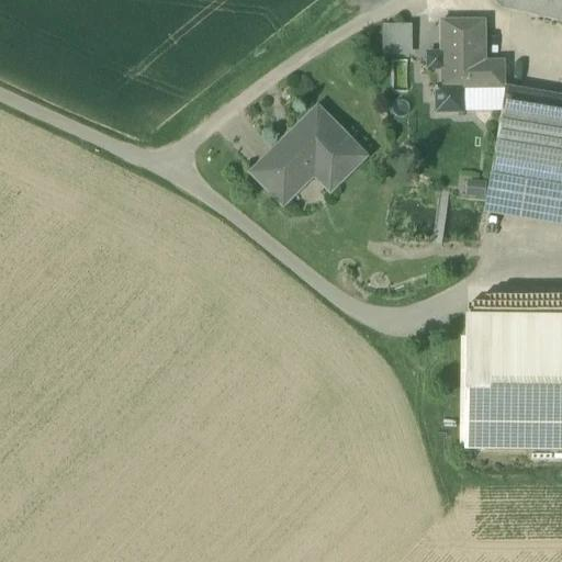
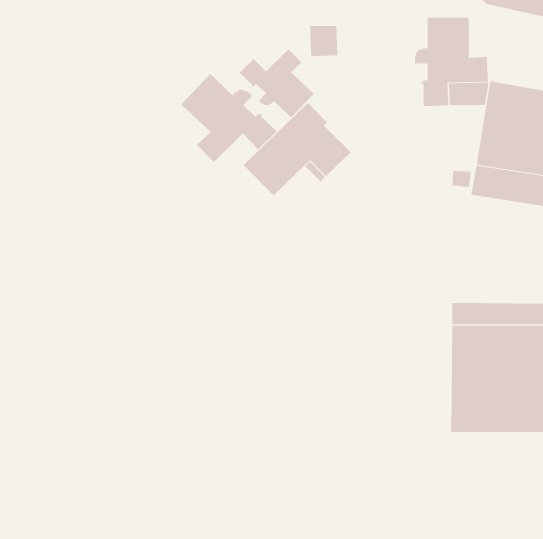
building: [383,21,413,53] -> [309,26,338,56]
building: none -> [239,48,314,118]
building: none -> [181,73,278,163]

